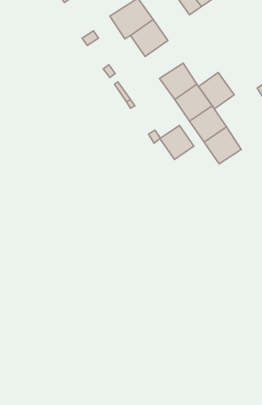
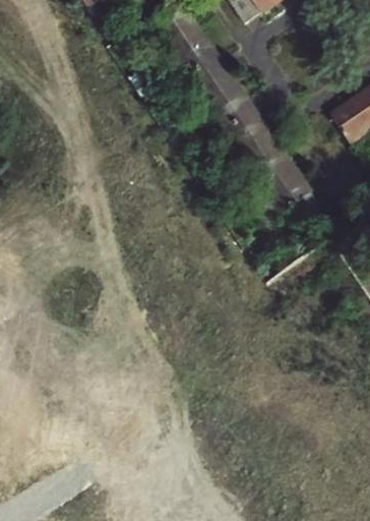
building: none -> [191,54,239,102]
building: [198,72,234,109] -> none
building: [160,125,194,159] -> none

